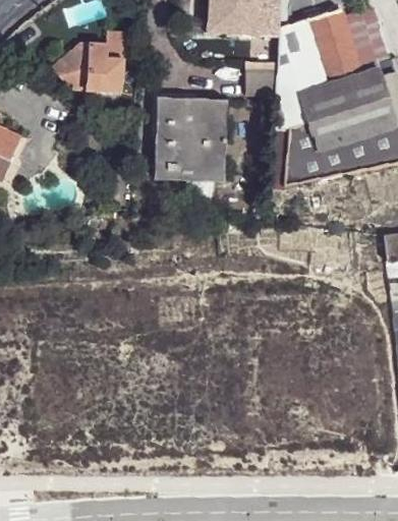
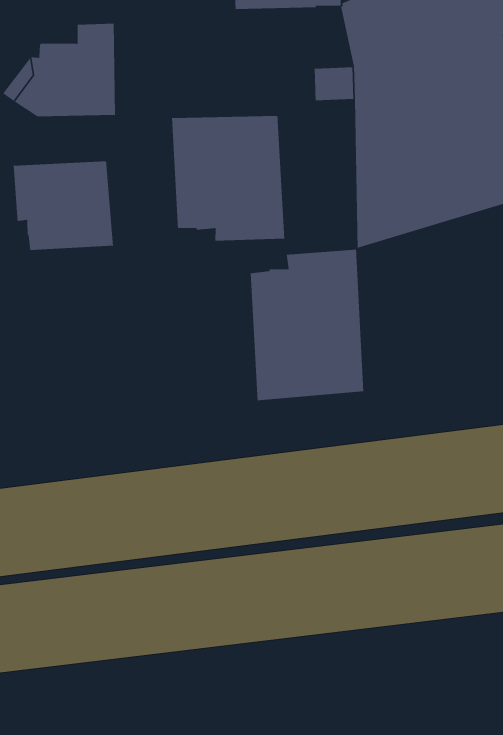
building: none -> [13,161,114,251]
building: none -> [250,249,364,401]

